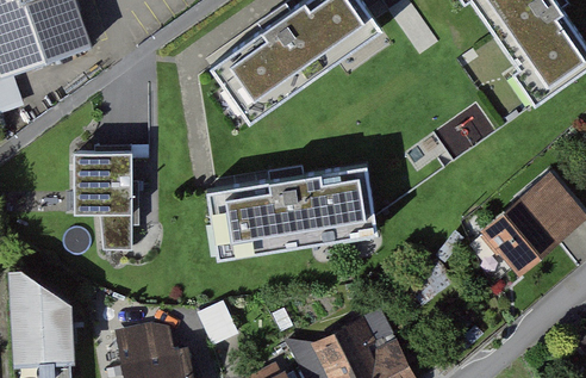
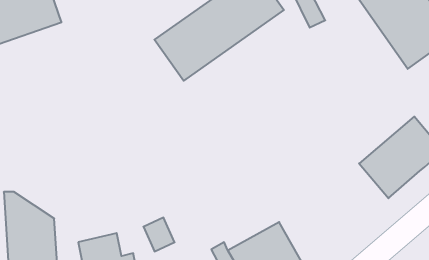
building: [71,156,133,247] -> none
building: [206,168,374,260] -> none

